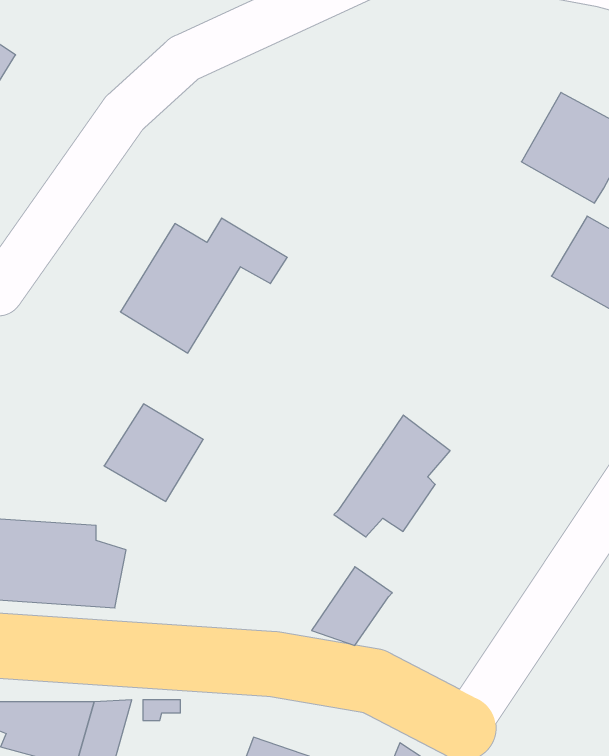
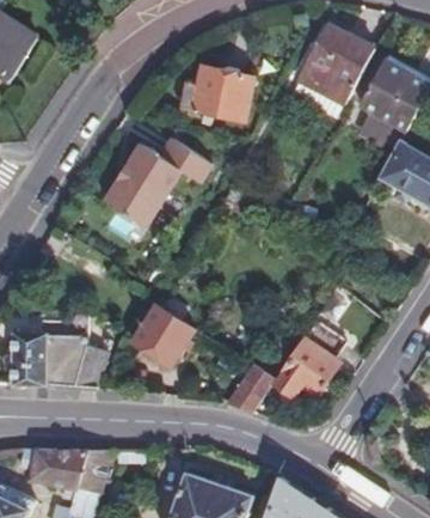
building: none -> [303,26,375,100]
building: none -> [194,69,254,122]
building: [104,404,203,501] -> [133,305,196,367]
building: [334,415,450,537] -> [274,319,348,397]

